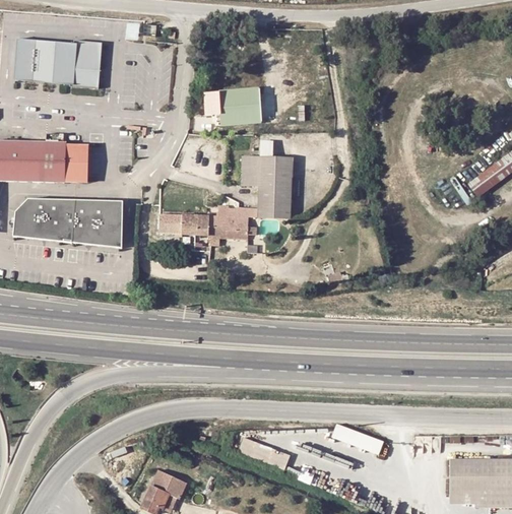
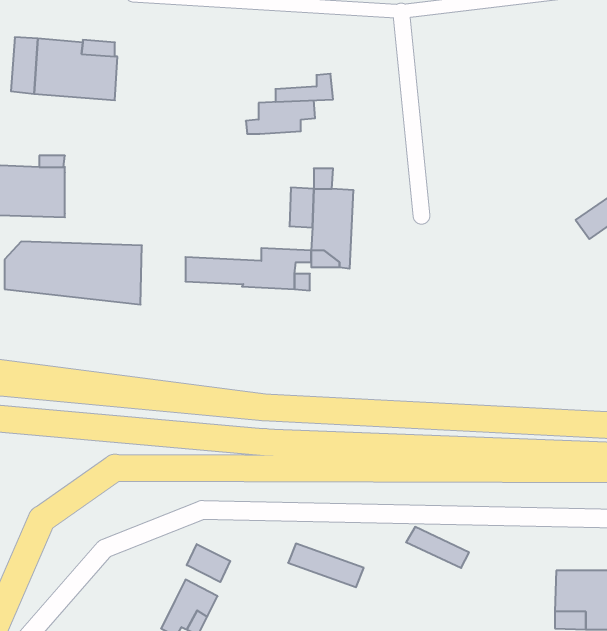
building: [216,102,262,124] -> [275,74,333,102]
building: [62,144,82,178] -> none
building: none -> [187,544,230,582]

